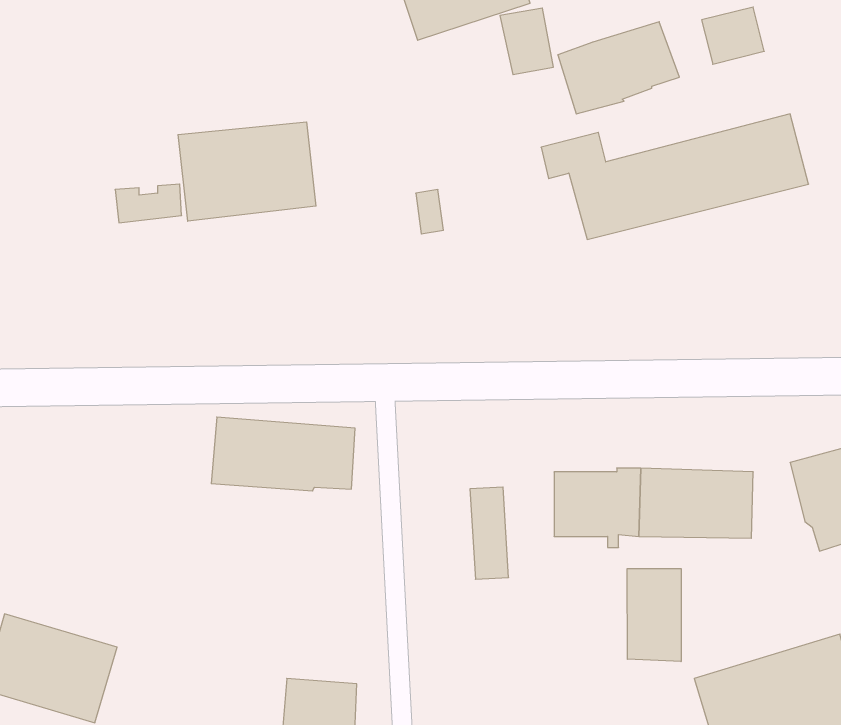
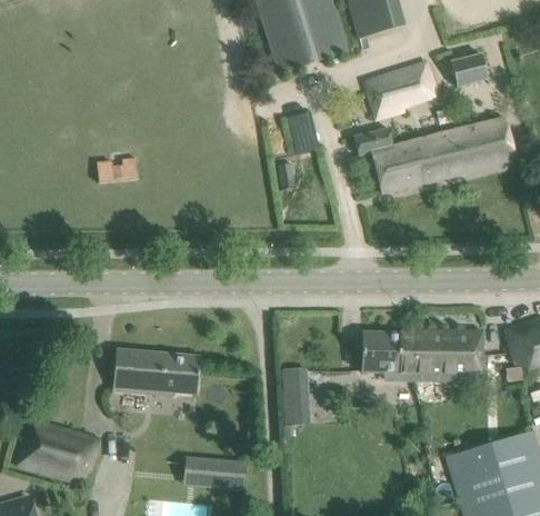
building: [500,8,553,75] -> [288,111,320,151]
building: [178,122,316,221] -> none
building: [211,417,355,491] -> [113,349,200,394]
building: [470,487,509,579] -> [282,369,306,425]
building: [627,569,681,662] -> none

